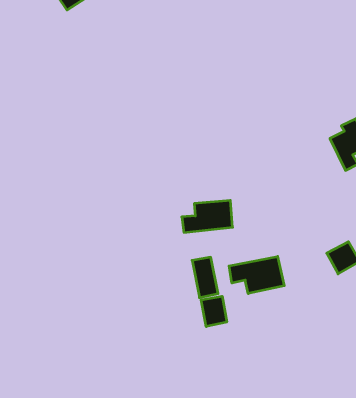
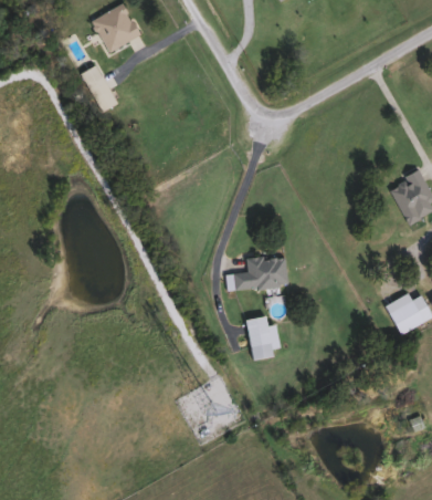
building: [229,256,284,294] -> none
building: [201,296,227,327] -> none

